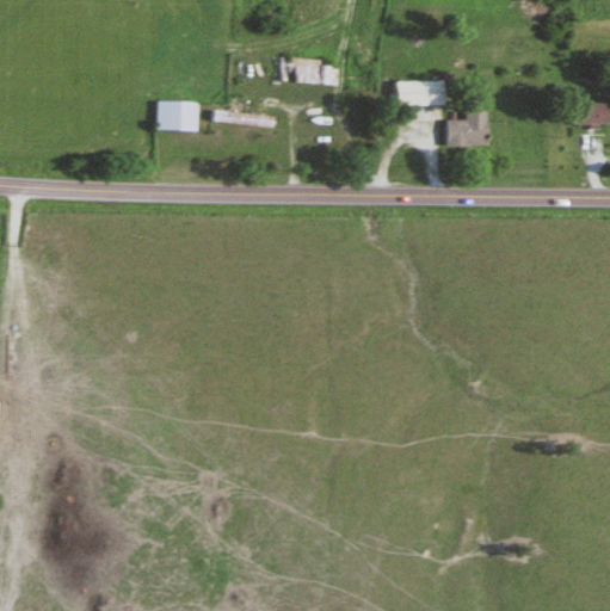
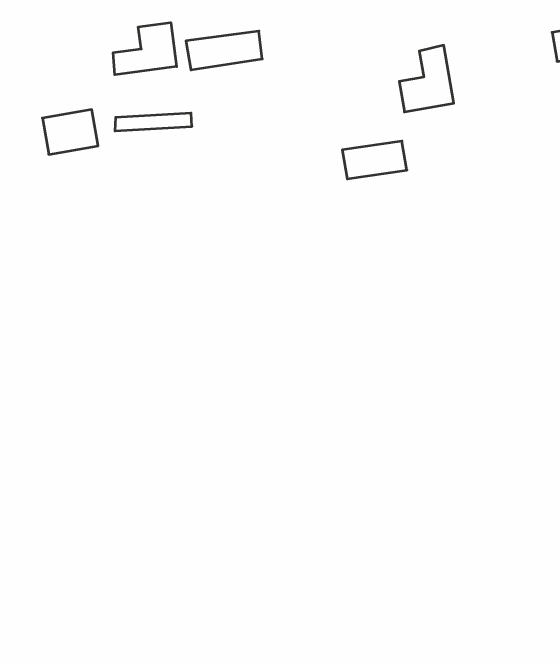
building: none -> [113,23,177,75]
building: [396,80,445,105] -> [342,141,407,179]

